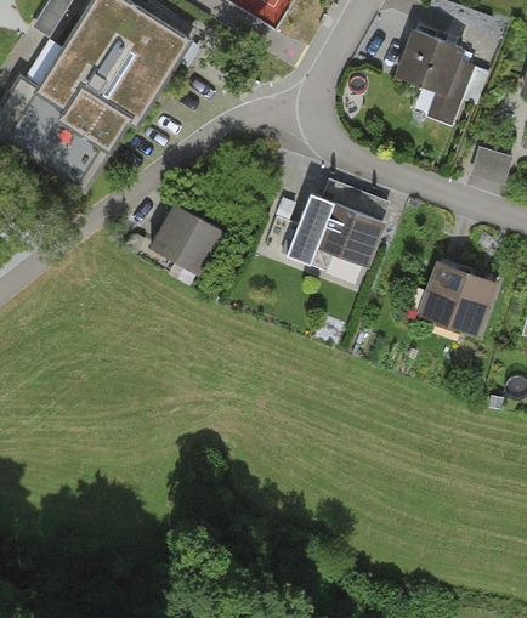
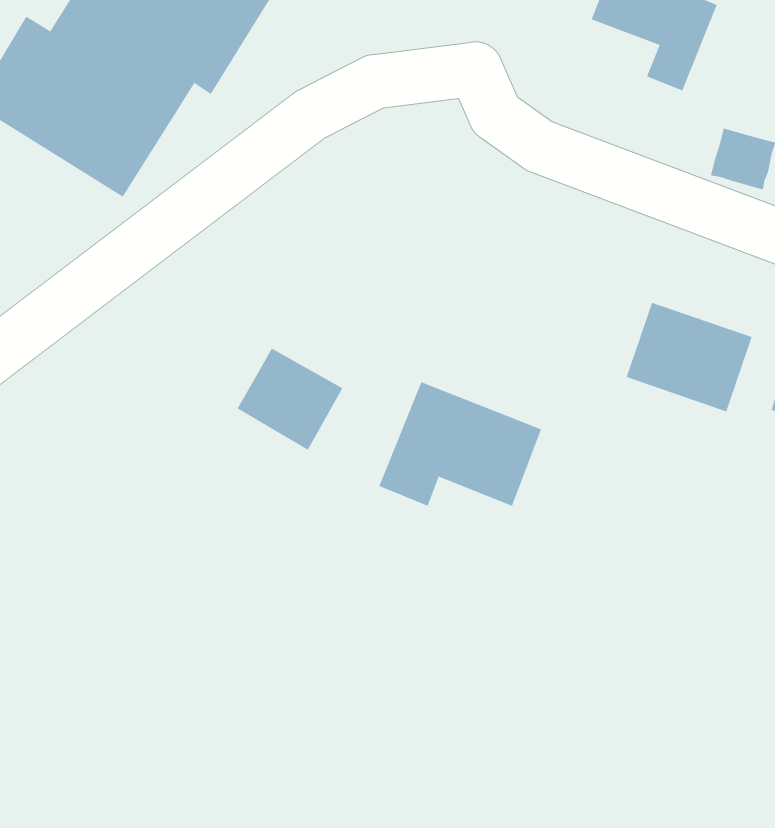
building: [283,185,391,267] -> [379,382,542,506]
building: [149,204,220,272] -> [237,348,343,451]

